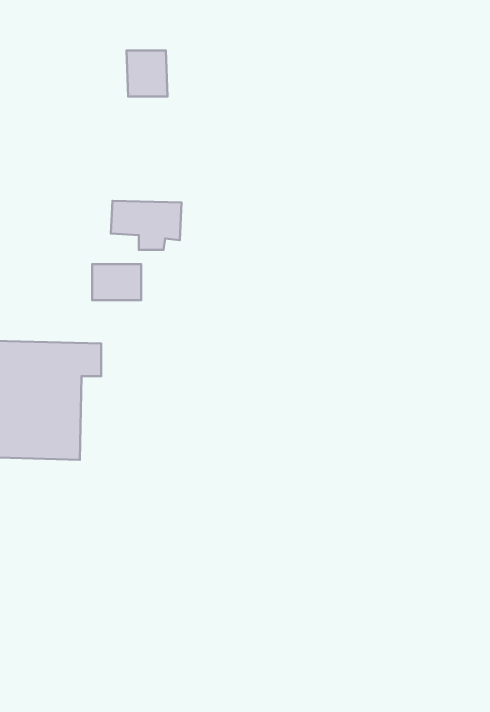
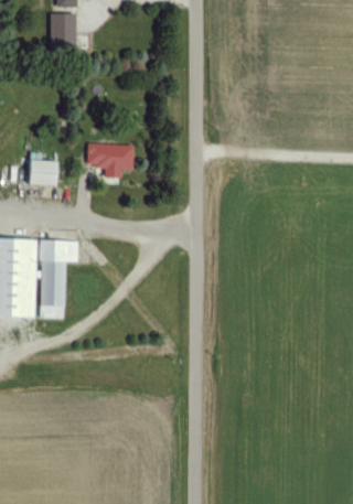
building: [127,51,168,96] -> [47,13,75,44]
building: [92,264,141,300] -> [24,160,57,184]

